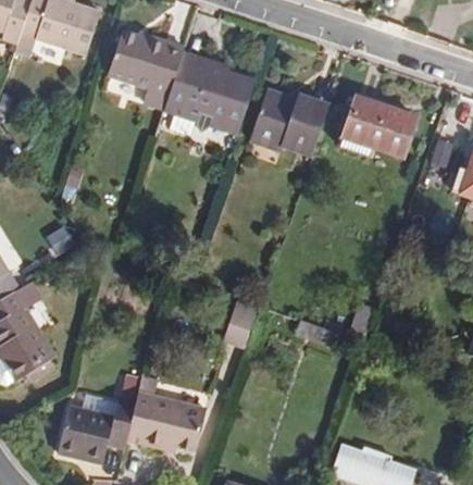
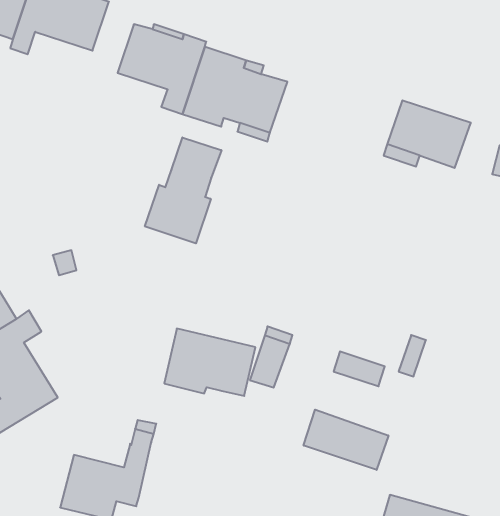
building: [250,89,328,154] -> none
building: none -> [145,137,221,243]
building: none -> [304,410,388,470]
building: [125,395,204,453] -> [164,329,255,396]

